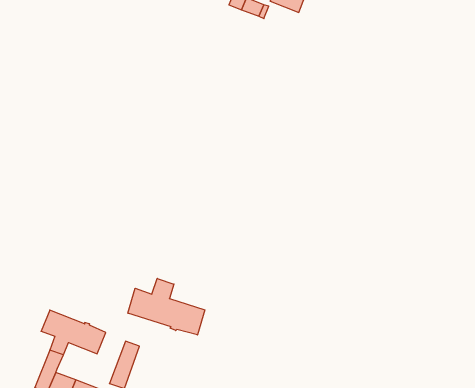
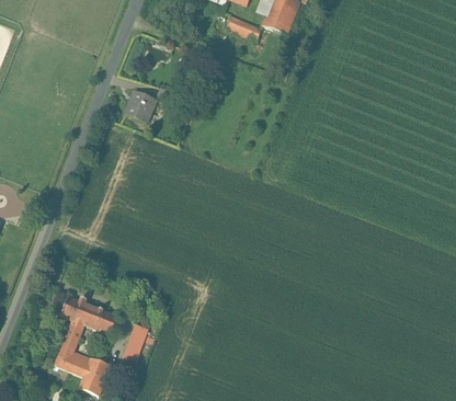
building: none -> [125,83,162,119]
building: [128,278,205,335] -> none

